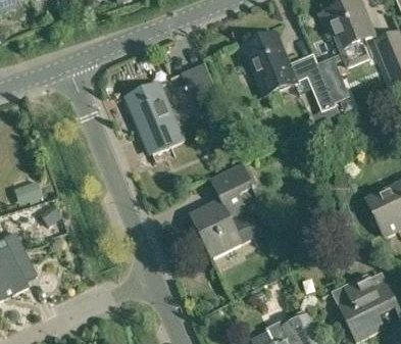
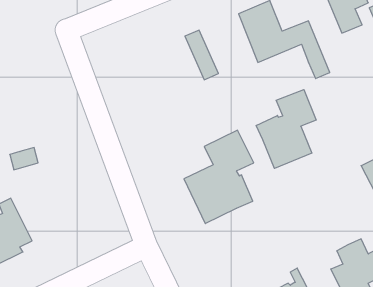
building: [126,81,184,152] -> none
building: none -> [256,90,316,168]

